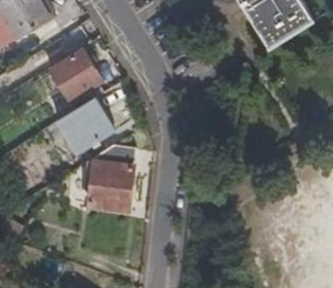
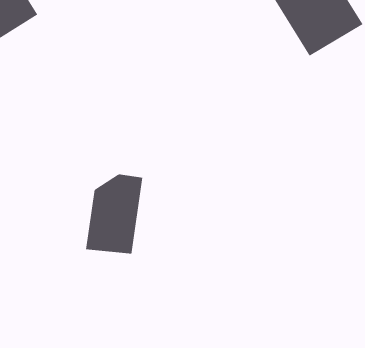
building: [51,48,101,99] -> none
building: [57,98,112,154] -> none

